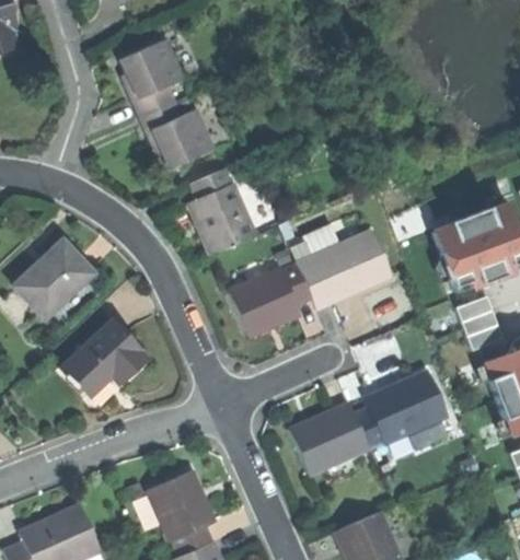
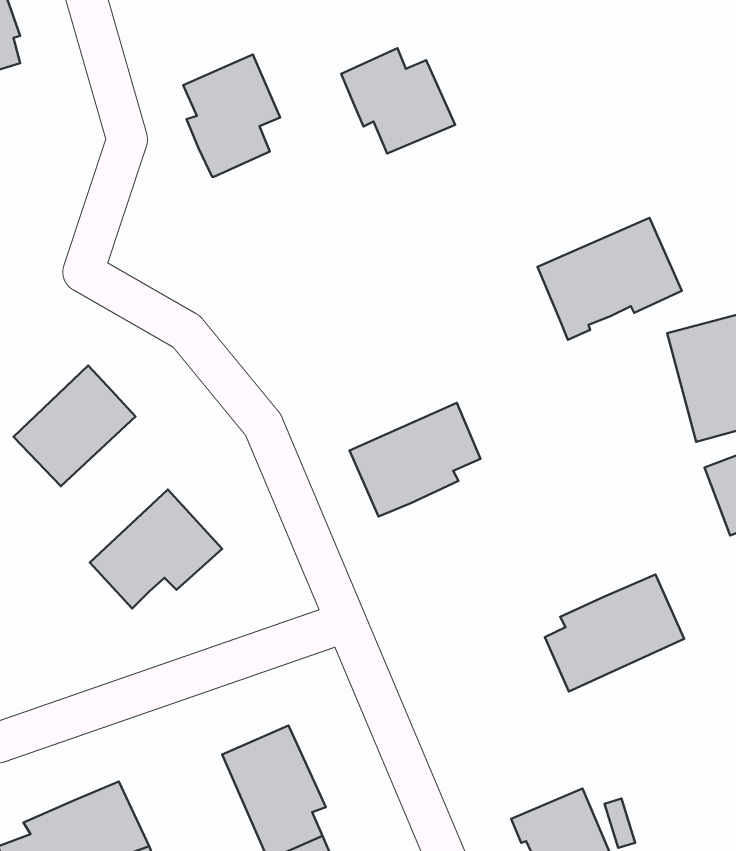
building: [141,102,215,170] -> [341,48,455,154]
building: [188,168,254,254] -> none
building: [298,232,391,311] -> [537,218,682,340]
building: [288,402,370,478] -> none

